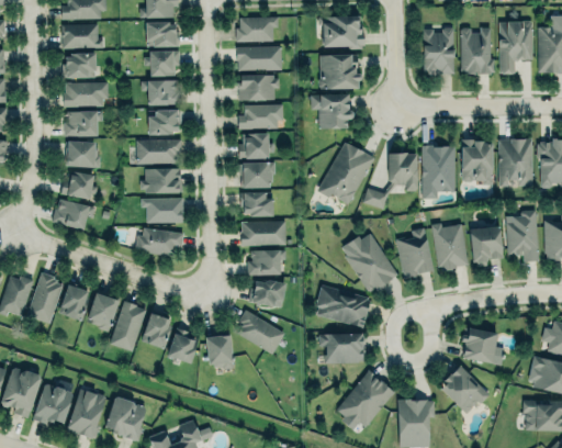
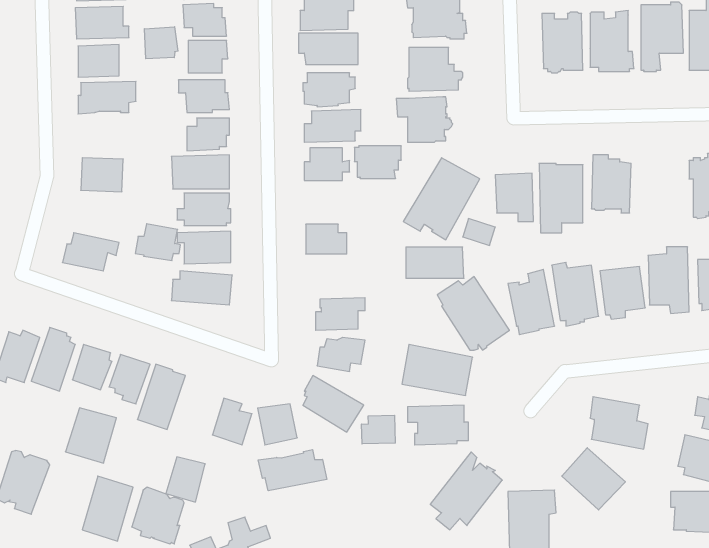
building: none -> [144,27,178,59]
building: [64,110,103,136] -> none
building: [498,138,532,187] -> none
building: [239,163,276,188] -> [354,146,401,178]
building: [61,170,97,199] -> [135,224,180,261]
building: [241,221,286,245] -> [406,247,464,278]
building: [140,313,171,348] -> [166,457,205,502]
building: none -> [362,415,395,444]
building: none -> [258,450,327,491]
building: [33,383,72,426] -> [65,408,116,463]

